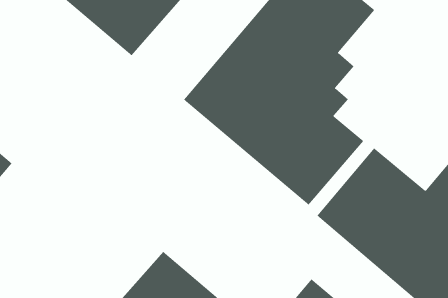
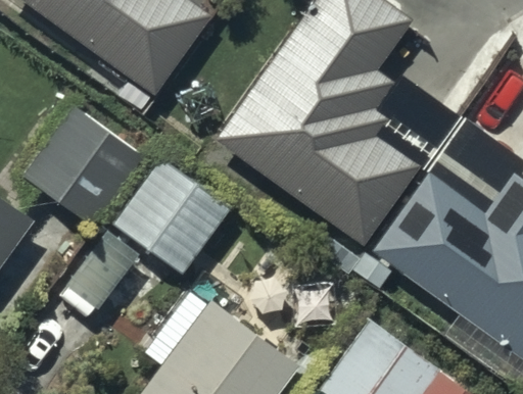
building: none -> [22,104,143,224]
building: none -> [113,159,228,273]

